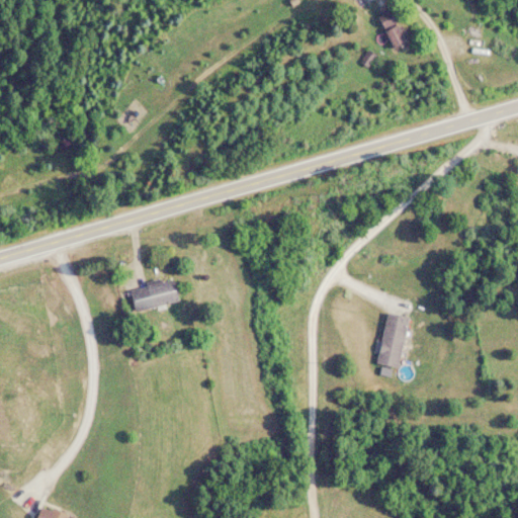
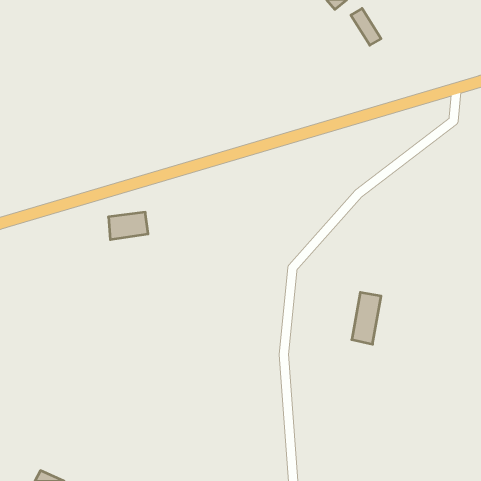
building: [132,281,174,311] -> [108,212,148,240]

